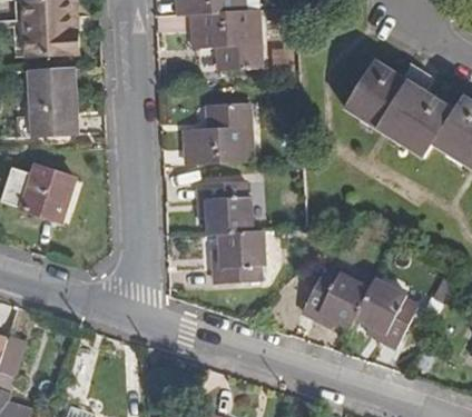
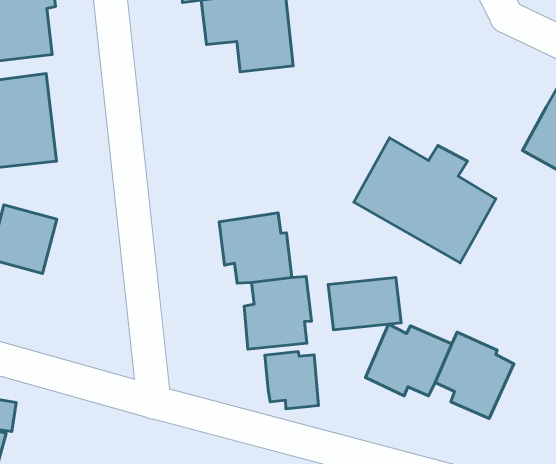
building: [345,60,454,159] -> [354,138,496,263]
building: [185,103,253,167] -> none
building: none -> [328,277,401,330]
building: none -> [265,351,318,409]

